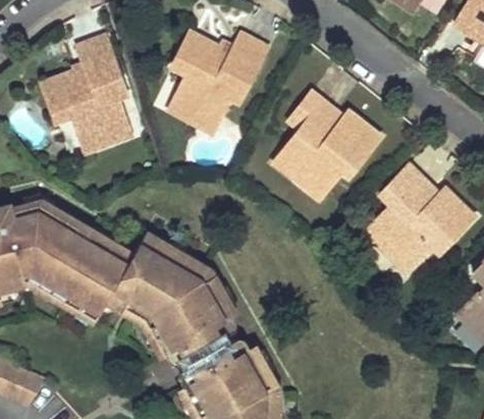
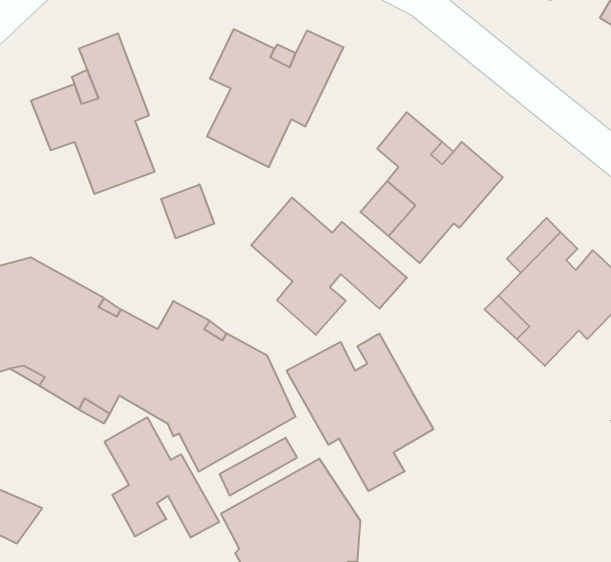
building: none -> [161,184,214,238]
building: none -> [251,198,407,335]
building: none -> [287,334,433,491]
building: none -> [105,417,219,538]

